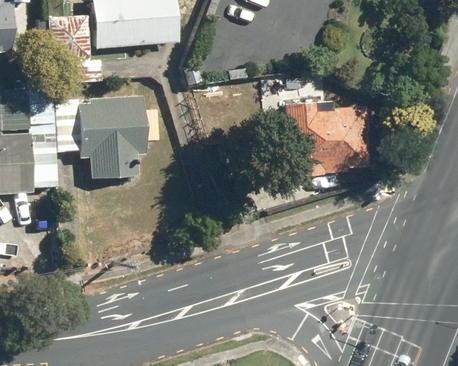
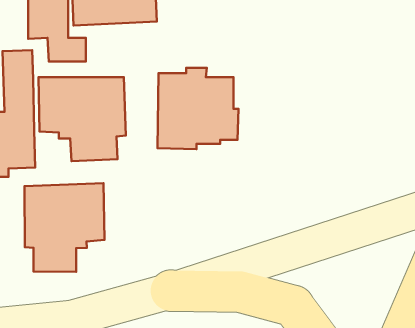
building: [283,99,362,178] -> [157,68,239,149]
building: none -> [25,183,104,272]

